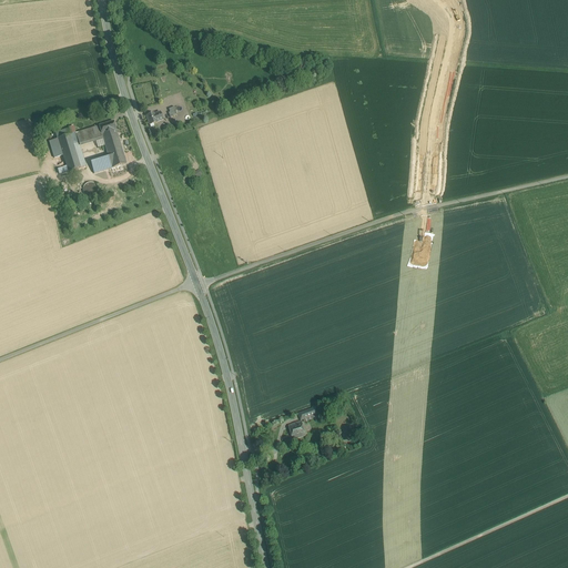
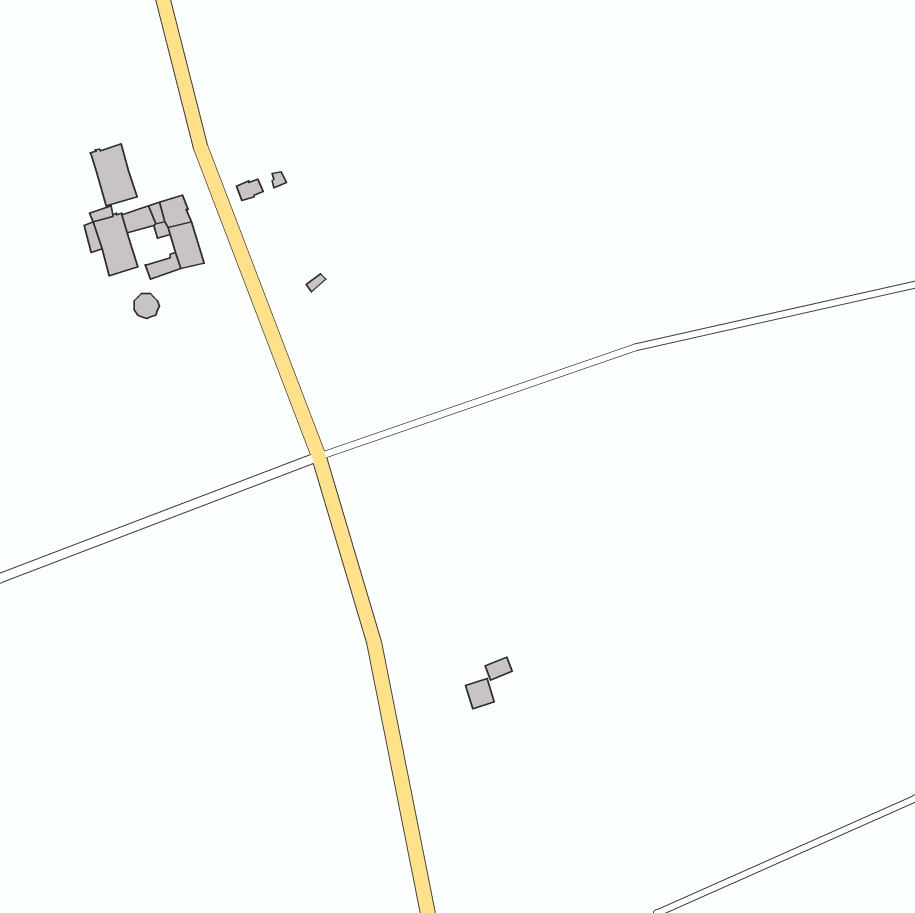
building: none -> [90,144,137,206]

